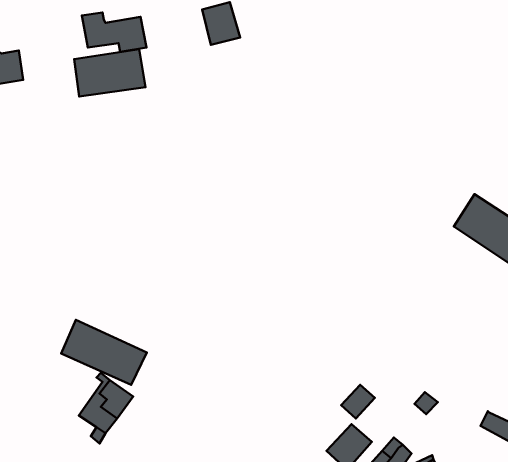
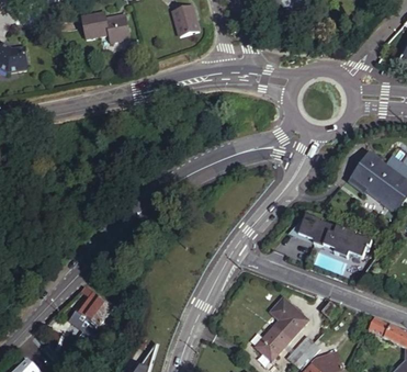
building: [74,49,146,97] -> none
building: none -> [295,215,368,255]
building: [61,320,147,385] -> none
building: none -> [274,305,307,338]

